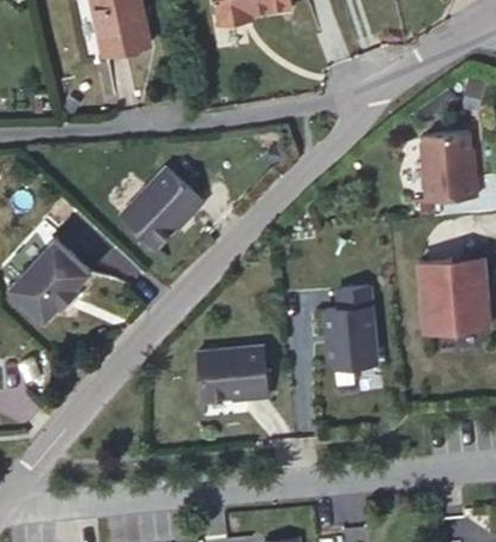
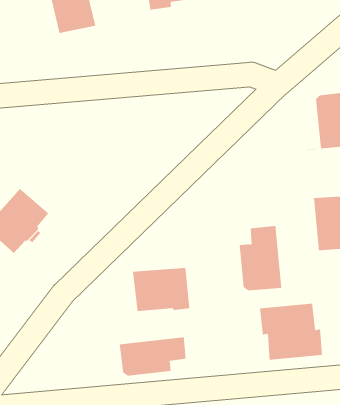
building: [122,171,204,252] -> none
building: none -> [259,303,322,360]
building: none -> [119,337,186,376]

